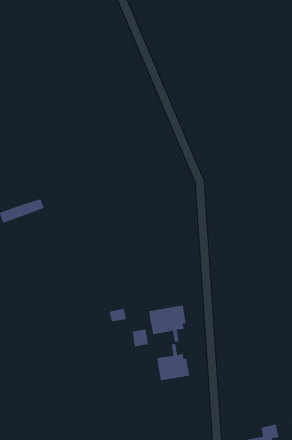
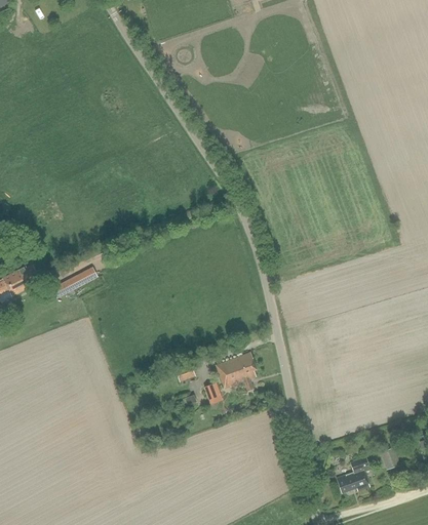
building: [156,343,190,381] -> none

